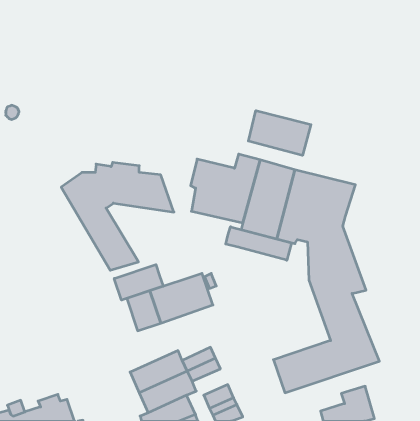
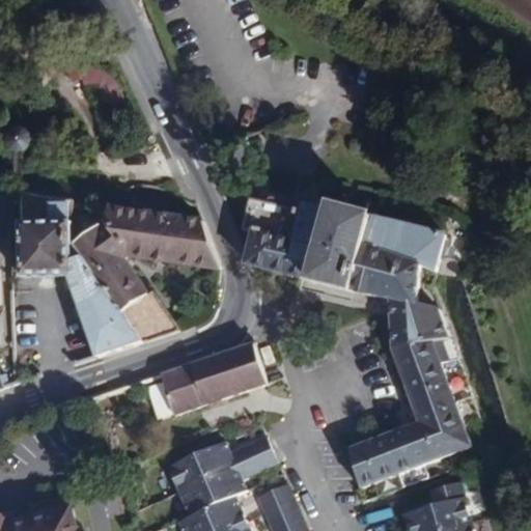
building: [248,111,311,155] -> none
building: none -> [16,193,138,354]
building: [226,227,291,260] -> none
building: [114,265,163,300] -> none

